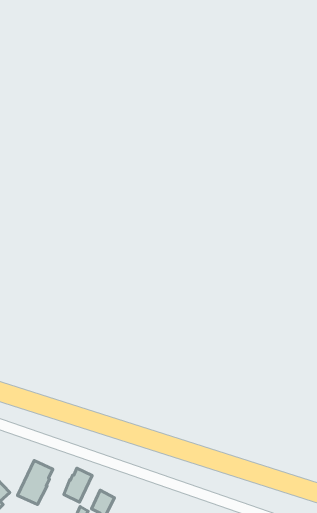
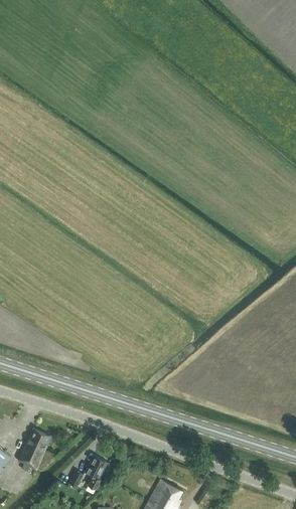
building: [64,468,92,502] -> none

